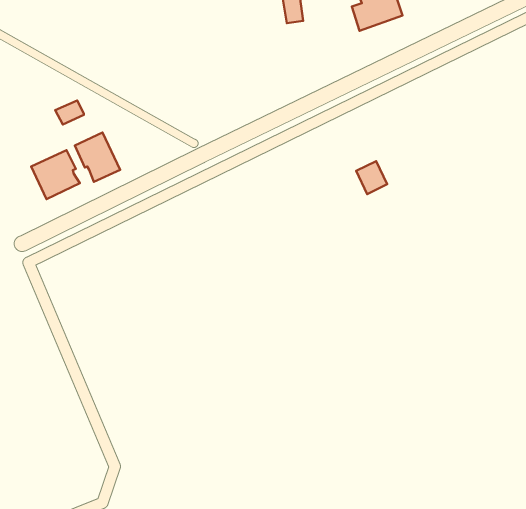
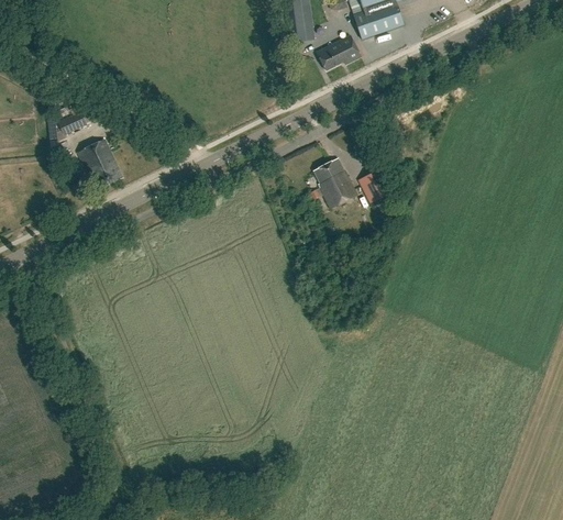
building: none -> [317,35,361,69]
building: none -> [314,157,357,208]
building: [31,150,80,199] -> none

